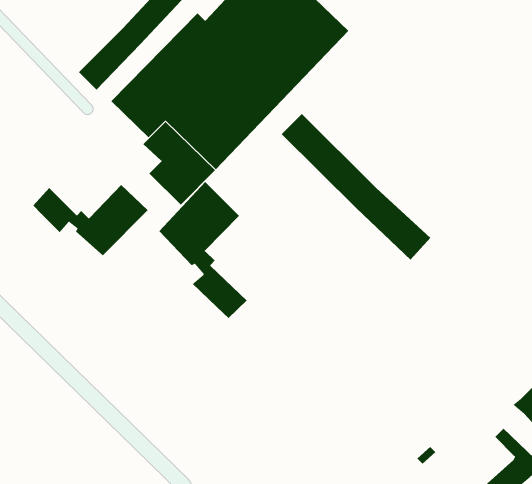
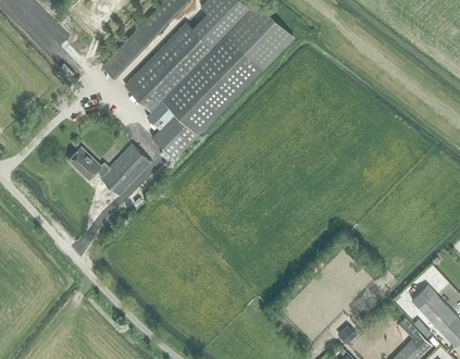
building: [281,113,431,260] -> none
building: [158,181,247,319] -> none

